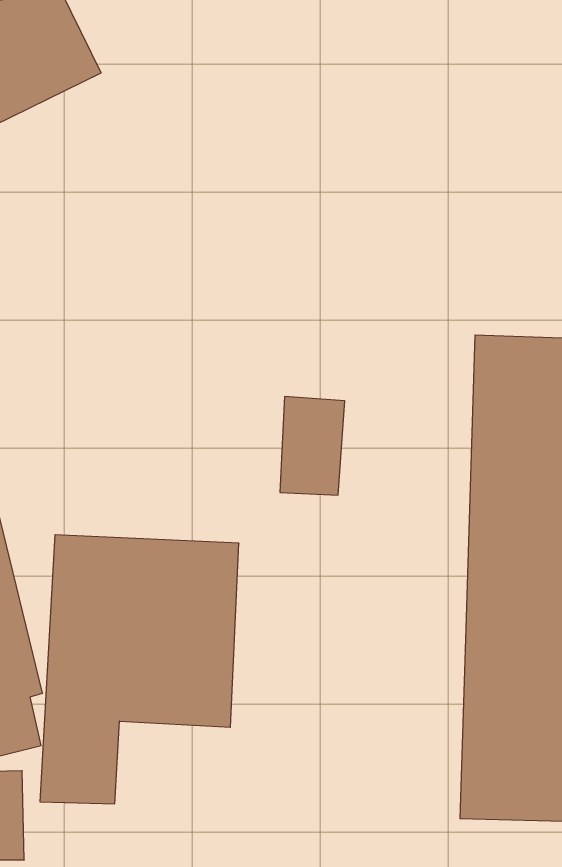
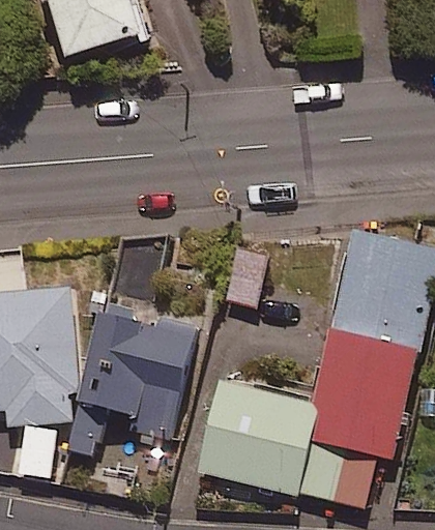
building: none -> [199,383,313,494]

